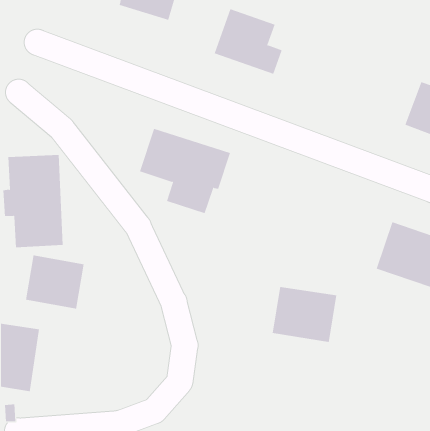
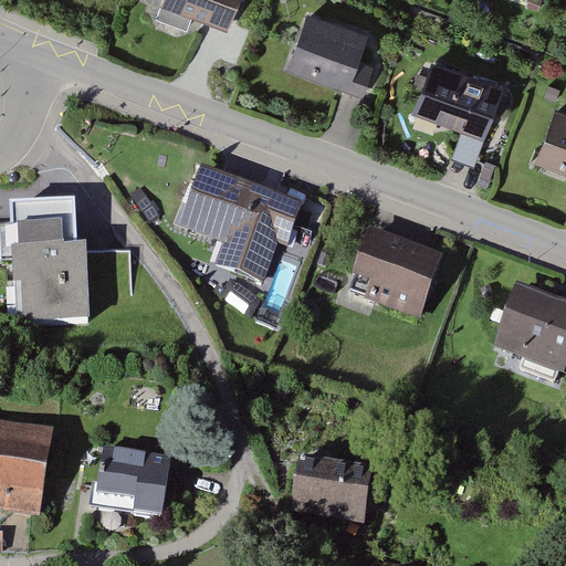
building: none -> [410,61,501,139]
building: none -> [347,235,438,319]
building: [25,255,84,309] -> [96,446,174,516]
building: [272,287,337,343] -> [283,460,368,533]

